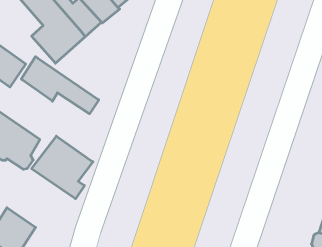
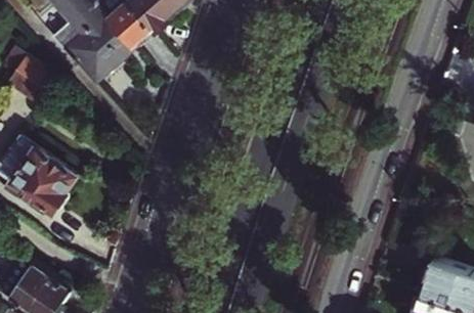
building: [21,57,99,114] -> none
building: [32,136,93,199] -> none

